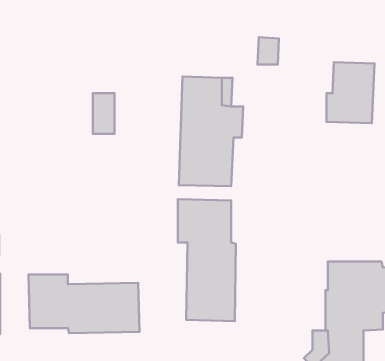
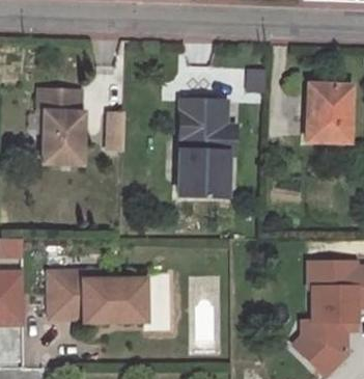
building: none -> [40,88,84,163]
building: [178,199,236,321] -> none

